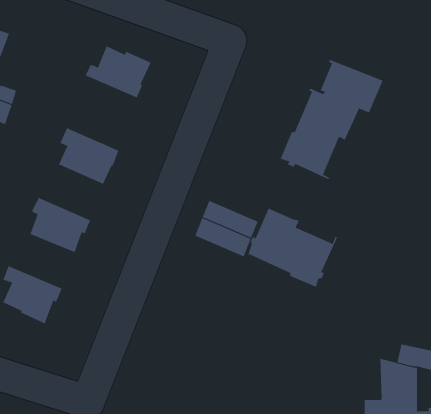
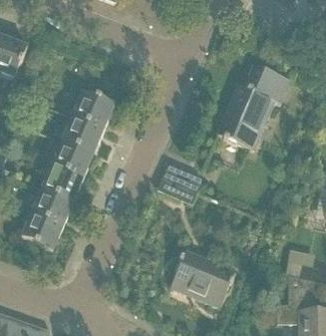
building: [85,46,152,98] -> [67,90,114,127]
building: none -> [47,137,93,177]
building: [247,208,338,287] -> [171,250,235,306]
building: none -> [26,187,73,225]

